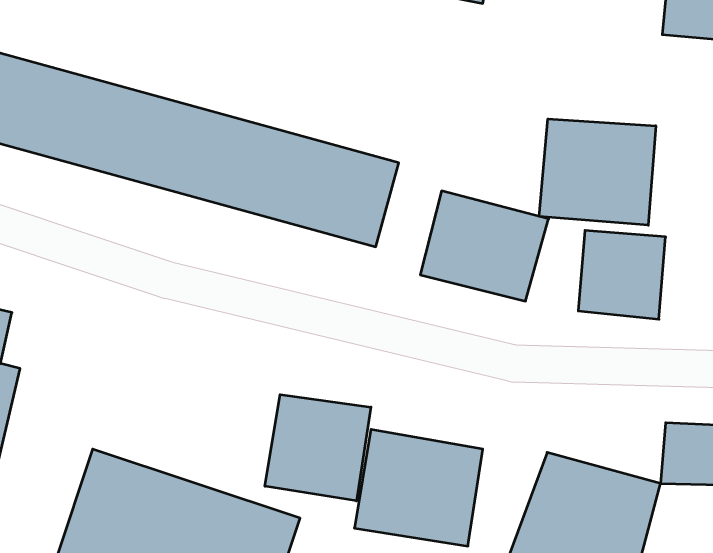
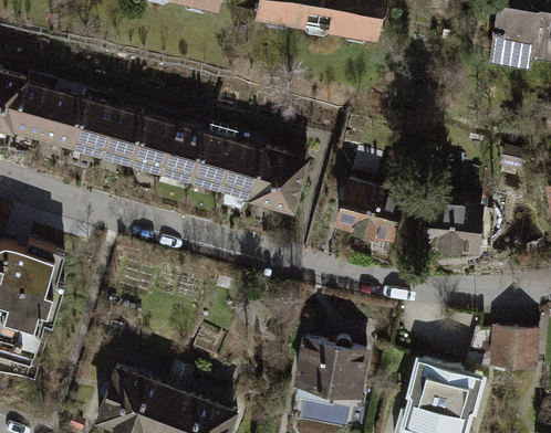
building: [539,119,656,225] -> none
building: [265,395,371,501] -> none

